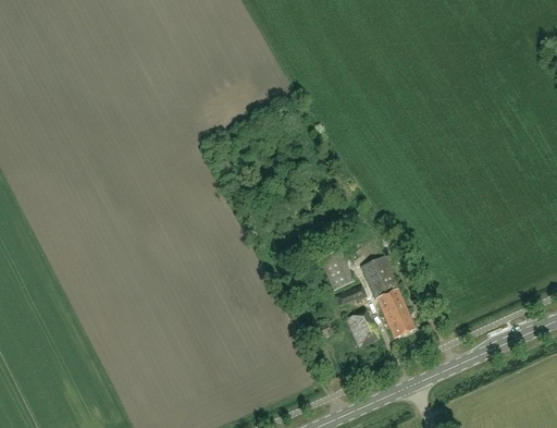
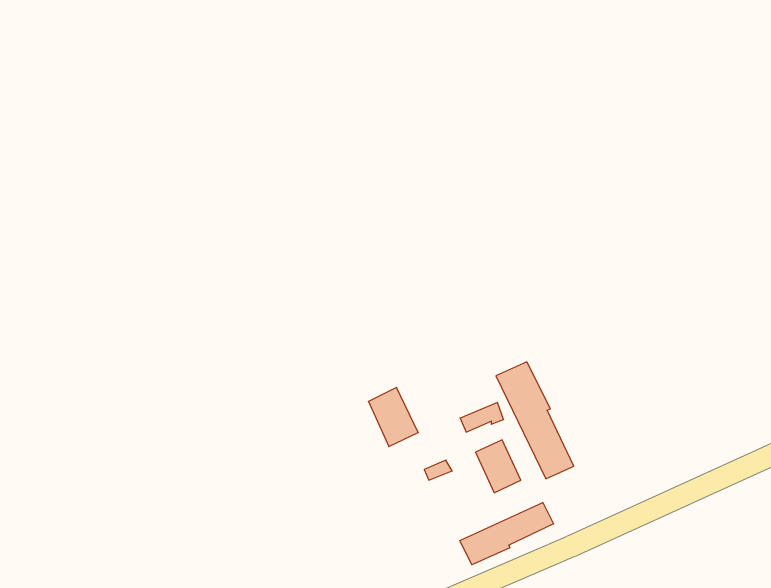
building: [319,249,354,291] -> [368,387,418,447]
building: none -> [460,502,554,565]

